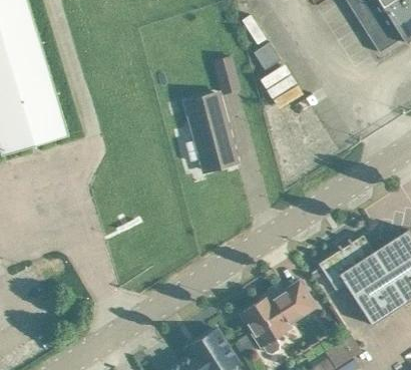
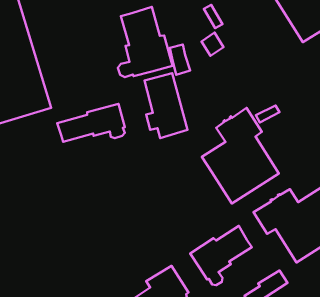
building: none -> [118,7,173,77]
building: none -> [57,104,125,142]
building: none -> [202,108,279,203]

